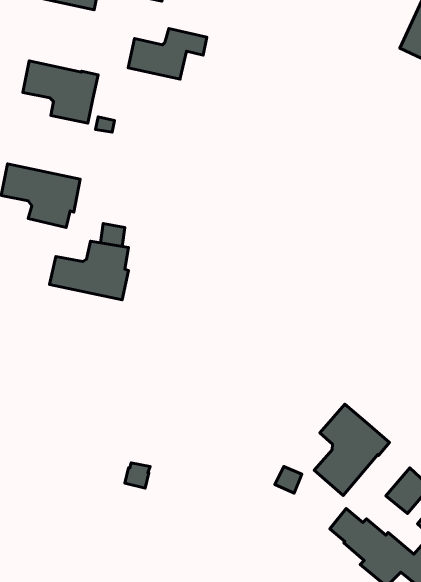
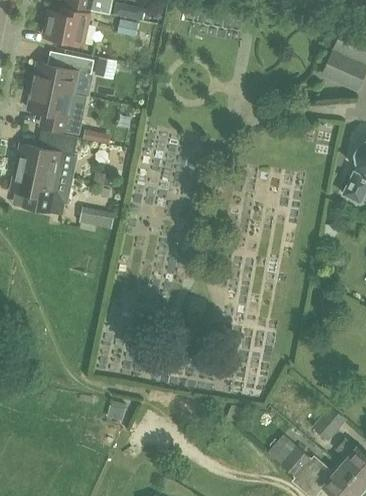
building: [128,28,207,79] -> [32,54,94,94]
building: [50,241,129,300] -> [15,132,77,178]
building: [314,404,389,496] -> none

